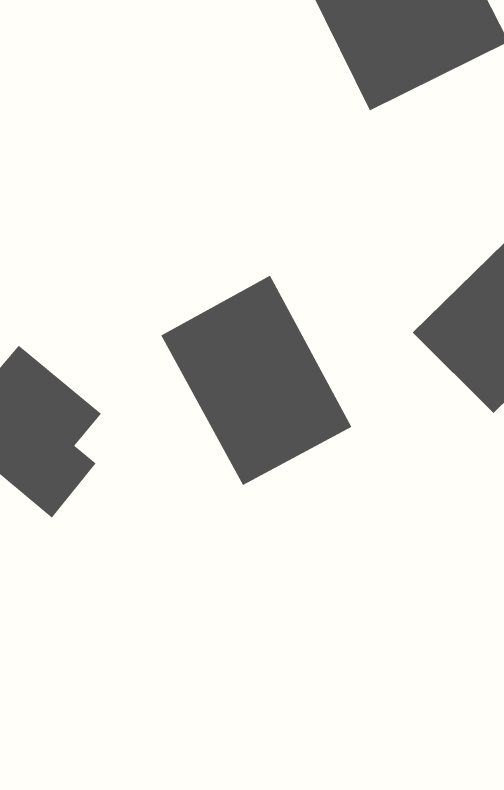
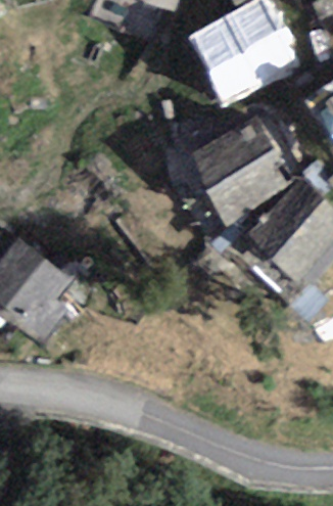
building: none -> [191,116,291,215]
building: [160,275,352,486] -> none

